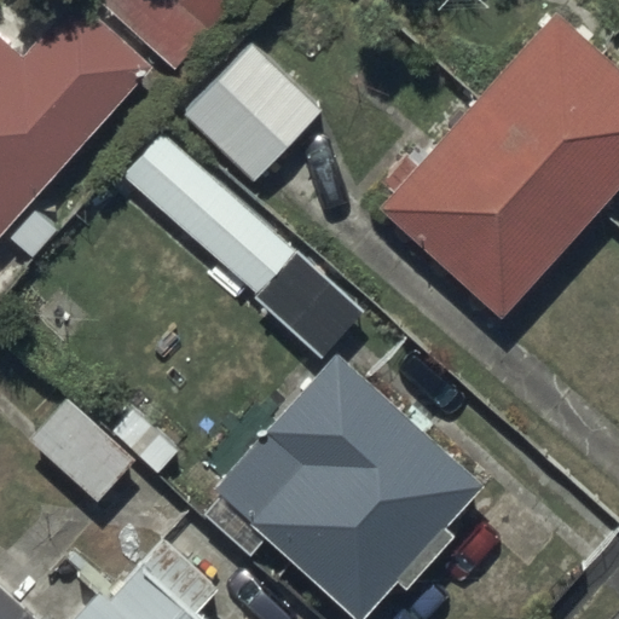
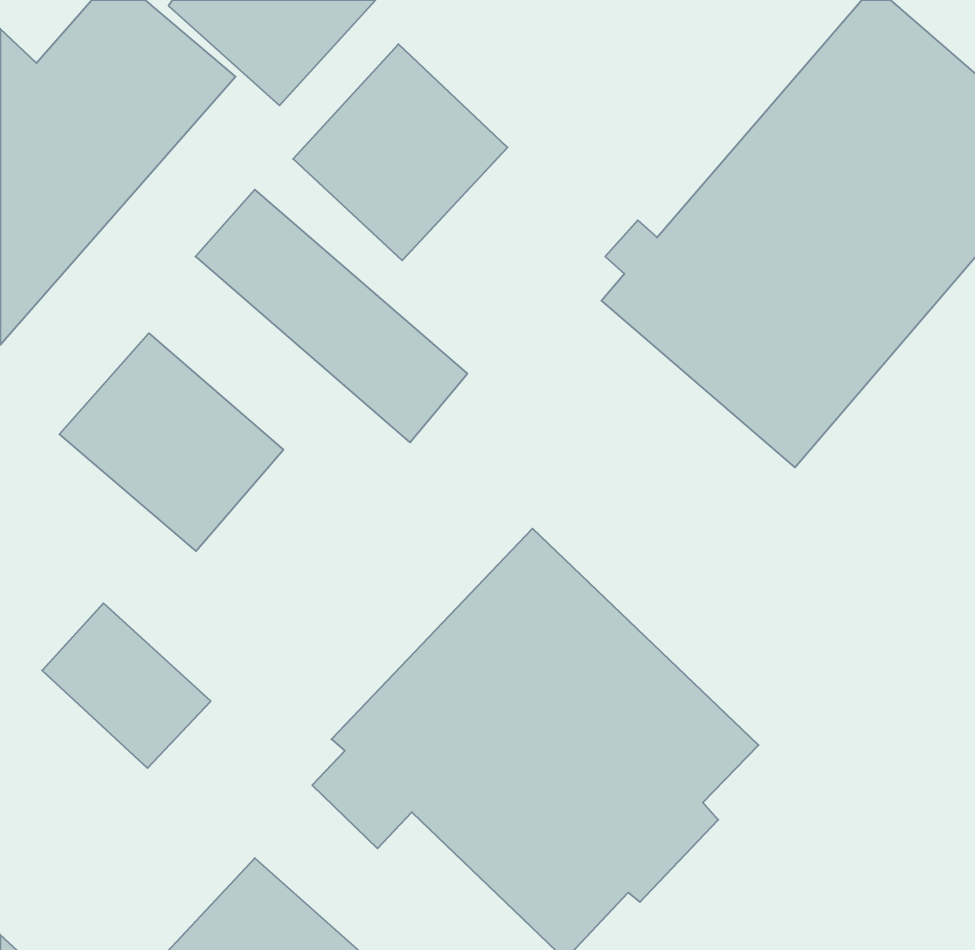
building: none -> [59,333,283,551]

